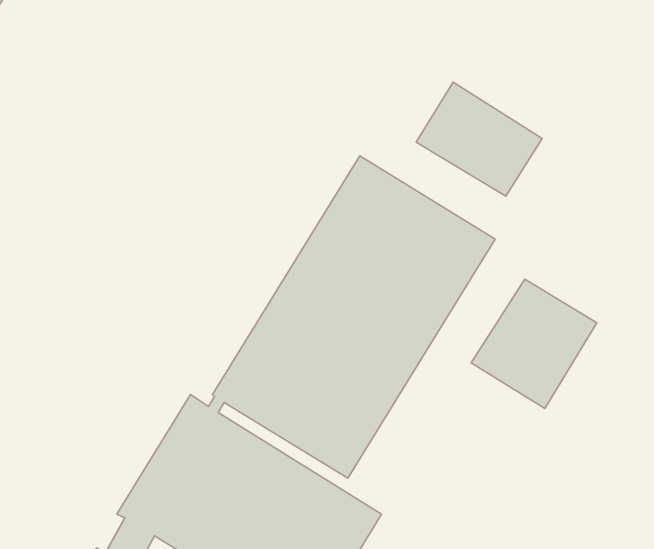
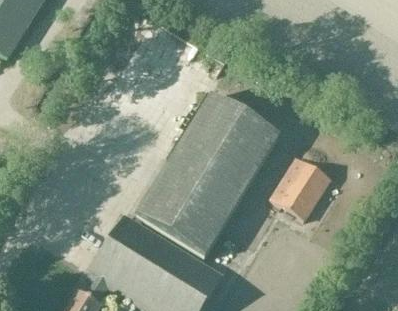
building: [416,82,542,196] -> none

